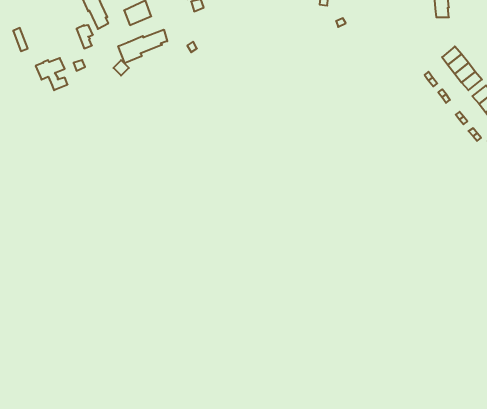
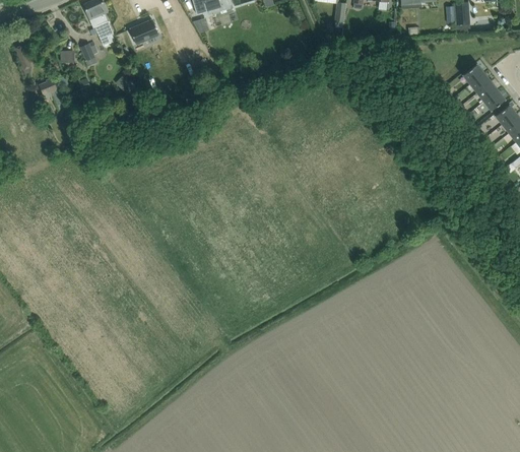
building: [118,30,167,63] -> none

